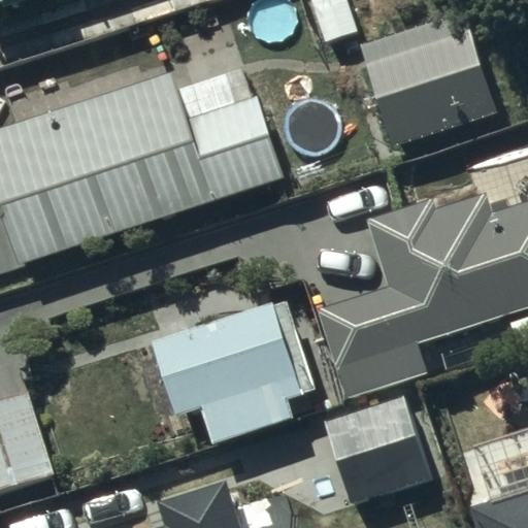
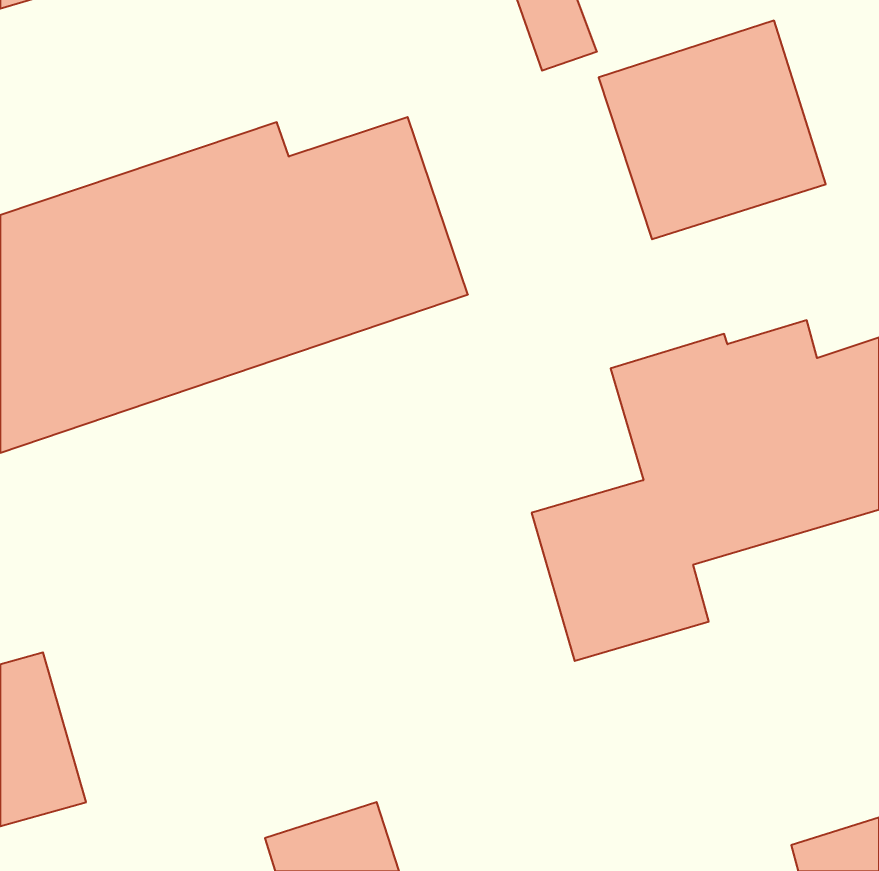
building: [155,302,311,446] -> none
building: [324,403,427,502] -> none

